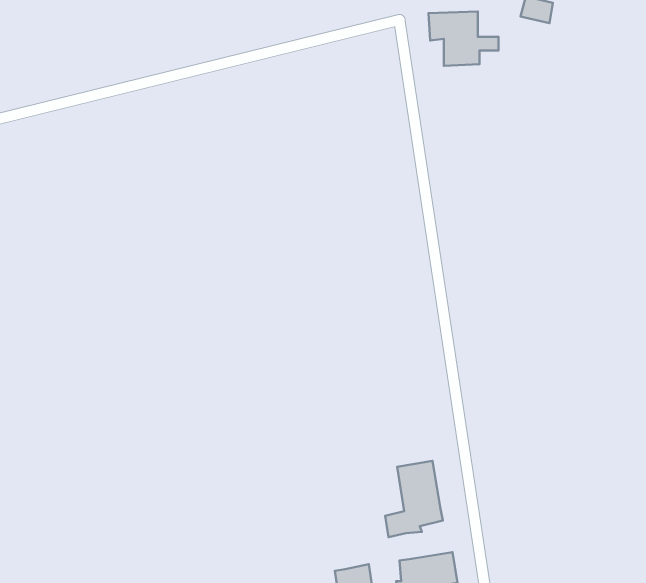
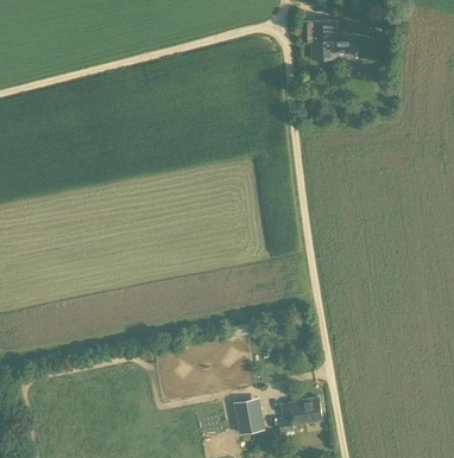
building: [385,461,443,537] -> none

